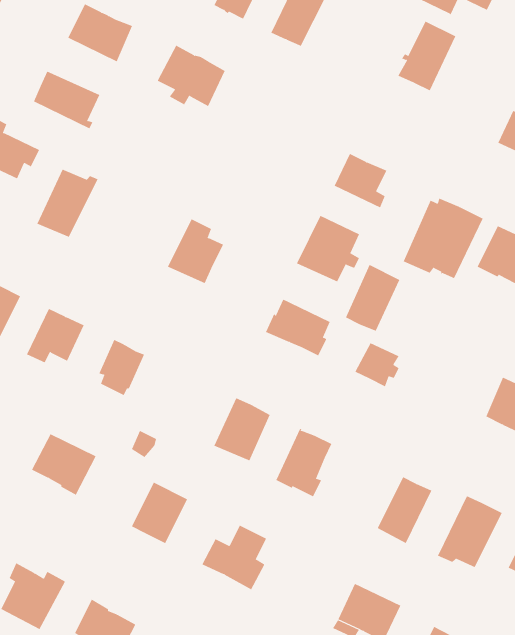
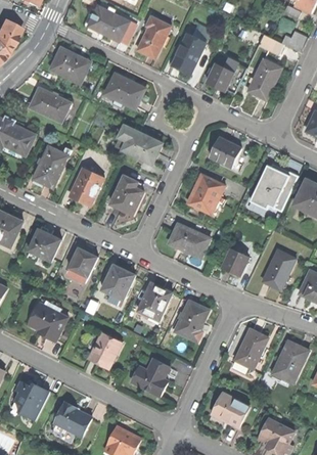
building: none -> [207,64,232,91]
building: none -> [114,126,162,164]
building: none -> [69,165,102,206]
building: [345,264,400,331] -> [262,249,295,289]
building: none -> [101,265,134,306]

